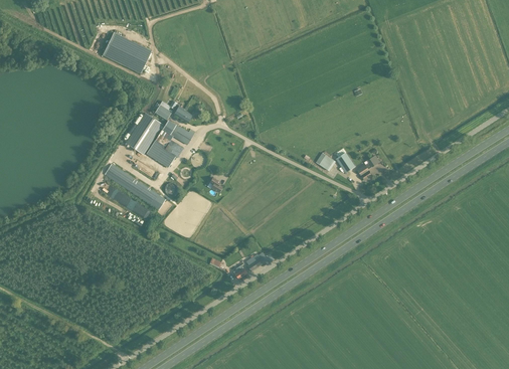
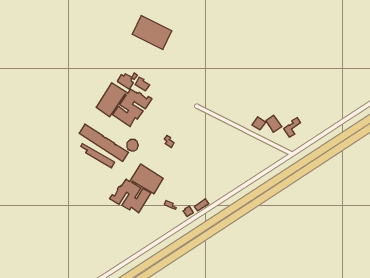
building: [102,31,151,73] -> [132,16,172,50]
building: none -> [110,164,163,213]

